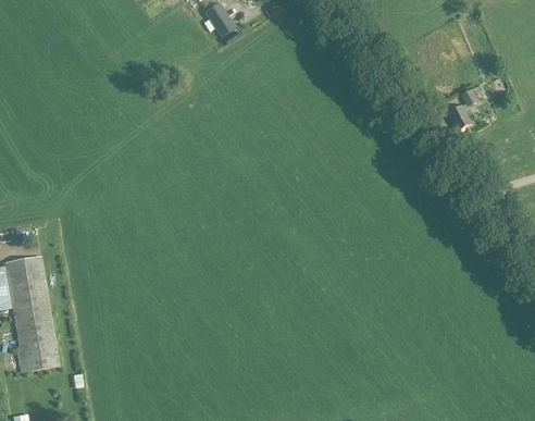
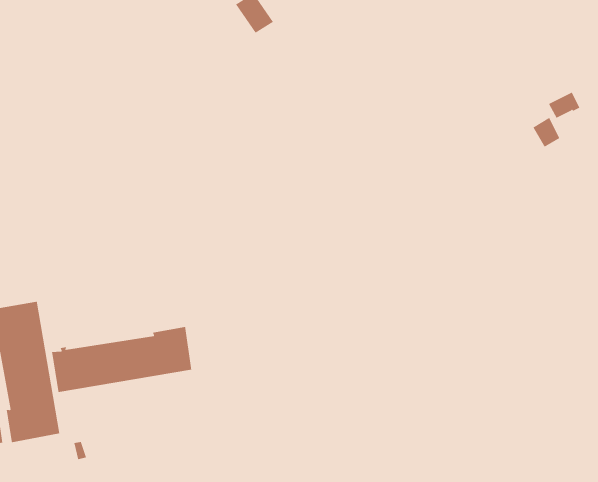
building: none -> [51,326,192,393]

